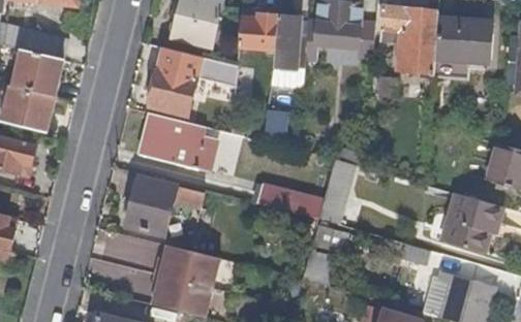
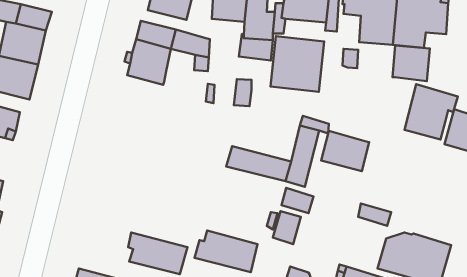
building: none -> [271,36,324,92]
building: none -> [393,45,430,81]
building: [141,114,216,168] -> none
building: none -> [321,131,369,171]
building: [125,176,204,237] -> none
building: [447,195,503,254] -> [405,84,458,139]
building: [152,245,219,289] -> [195,230,258,272]

